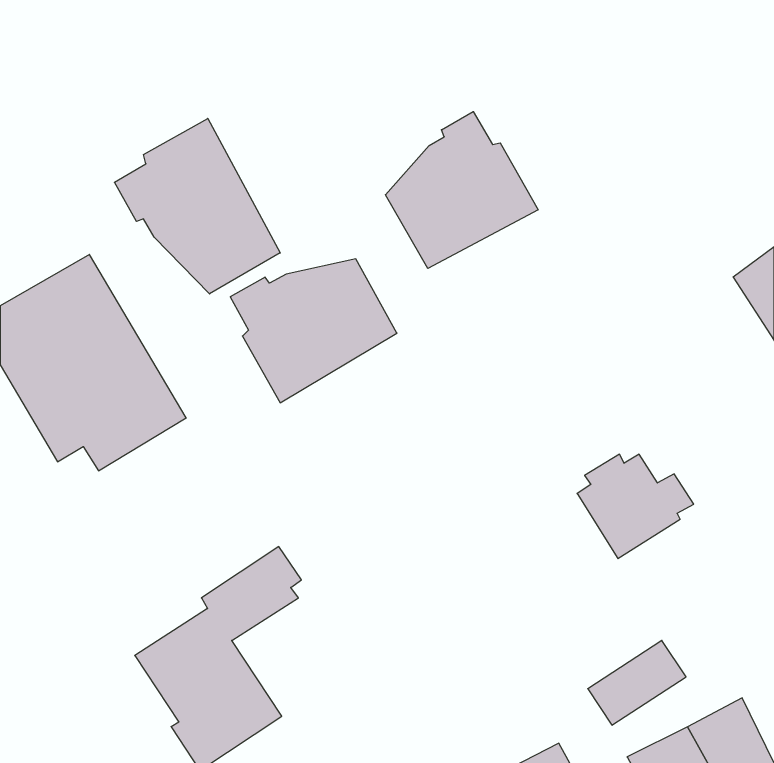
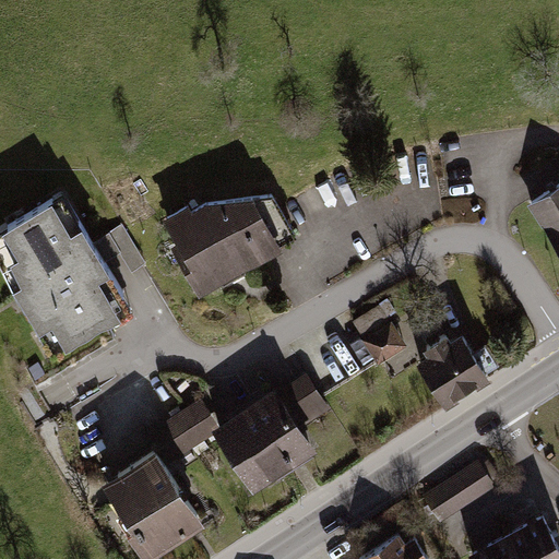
building: [385,112,538,268] -> none
building: [114,118,280,294] -> none
building: none -> [353,311,407,369]
building: none -> [210,377,323,496]

